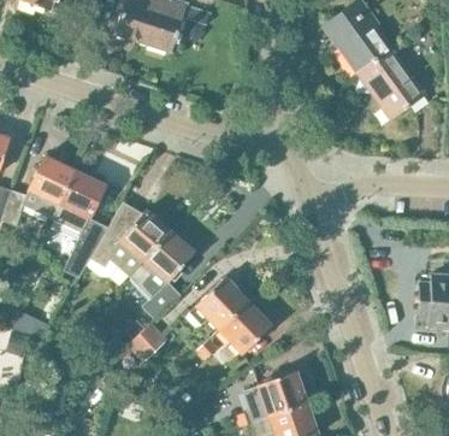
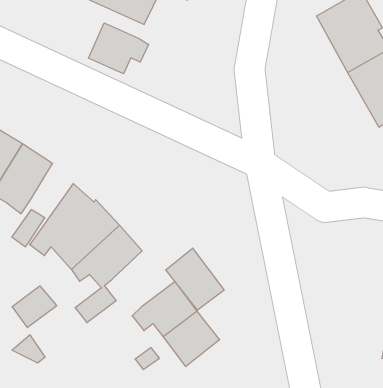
building: none -> [89,23,149,74]
building: none -> [166,248,224,310]
building: [129,323,169,361] -> [12,286,57,328]

